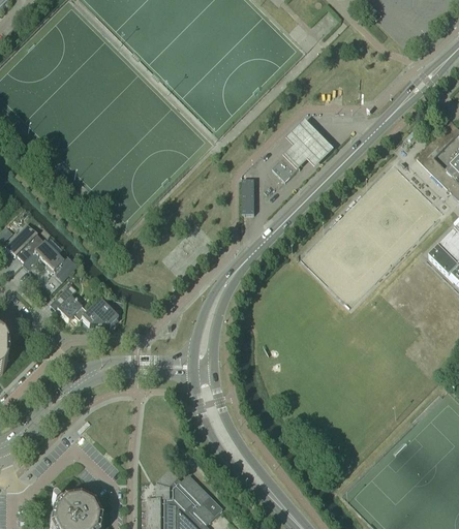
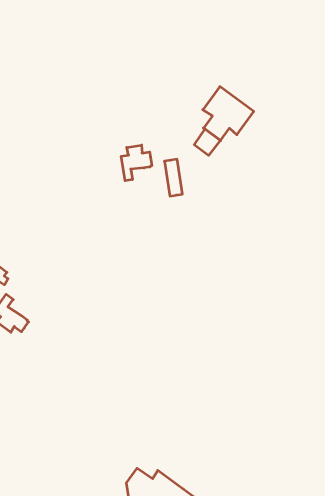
building: none -> [121,145,152,181]
building: [83,298,119,324] -> none

